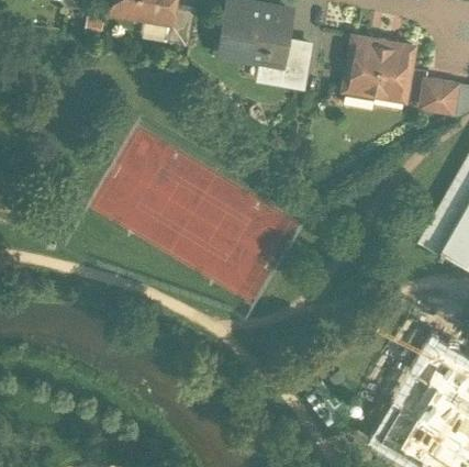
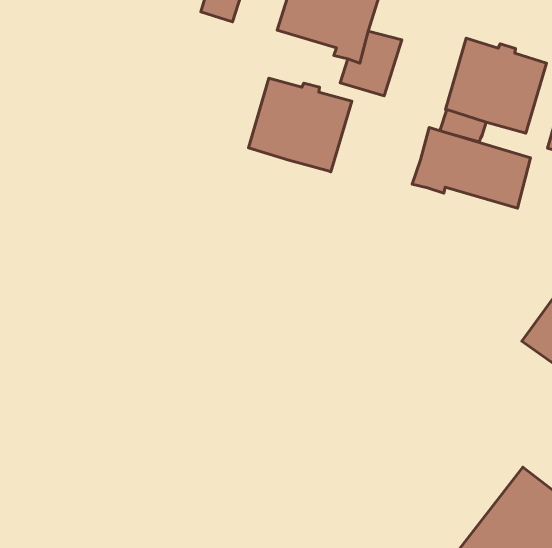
building: none -> [249,78,352,172]
building: none -> [412,128,531,208]

